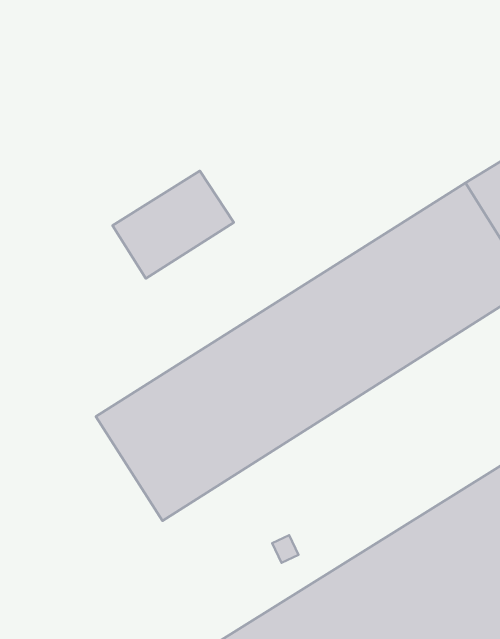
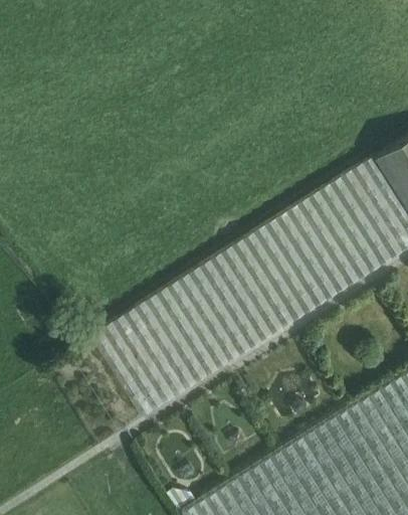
building: [112,171,234,278] -> none

